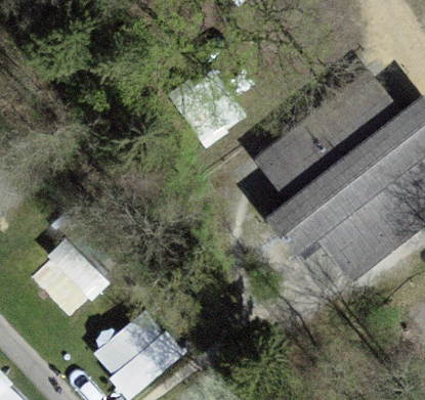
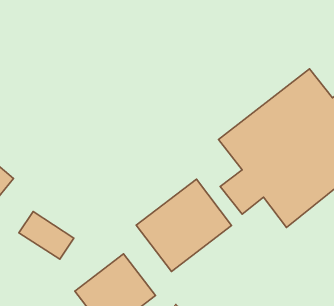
building: none -> [136,179,232,272]

